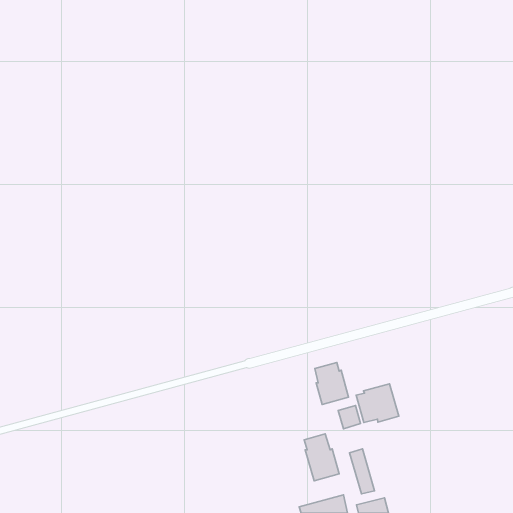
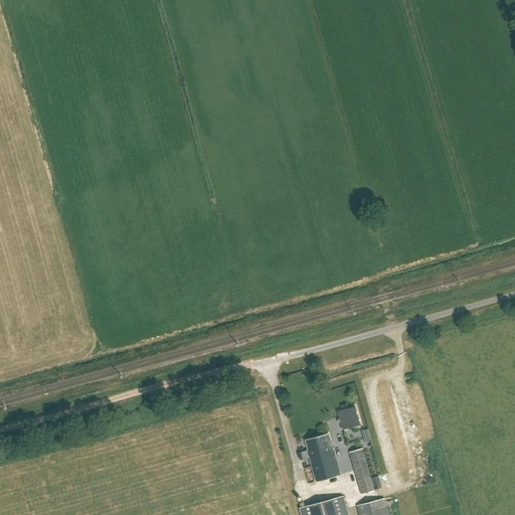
building: [315,362,348,405] -> none
building: [356,384,399,422] -> none

